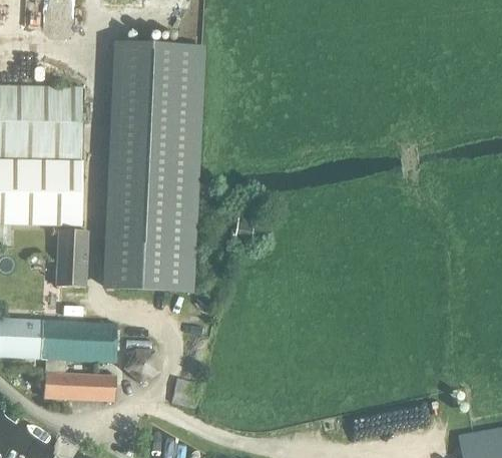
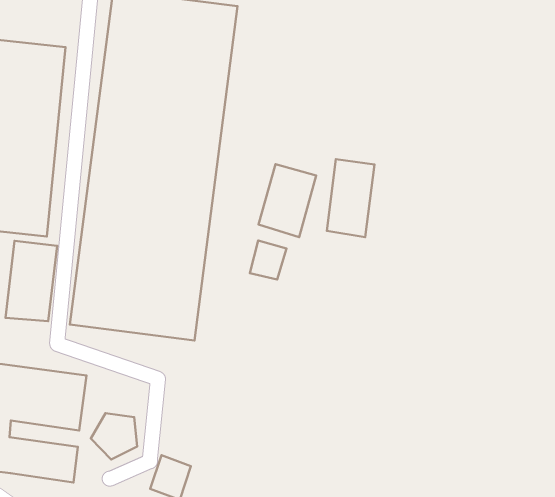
building: none -> [327,159,374,237]
building: none -> [259,164,316,237]

